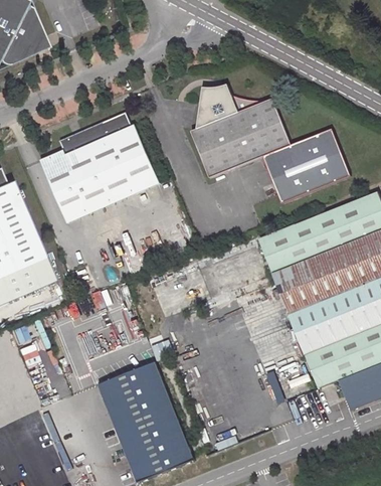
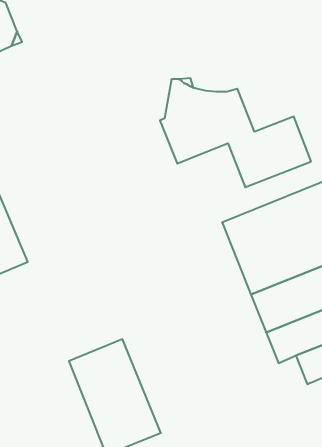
building: [40,111,162,222] -> none

